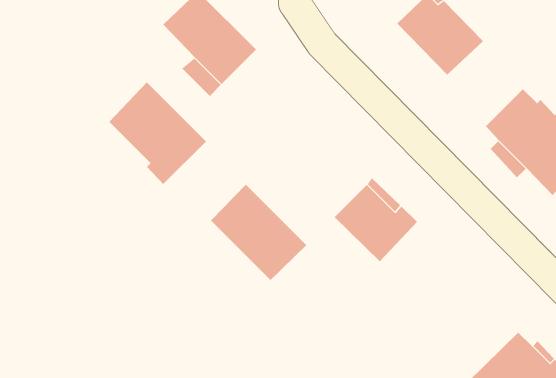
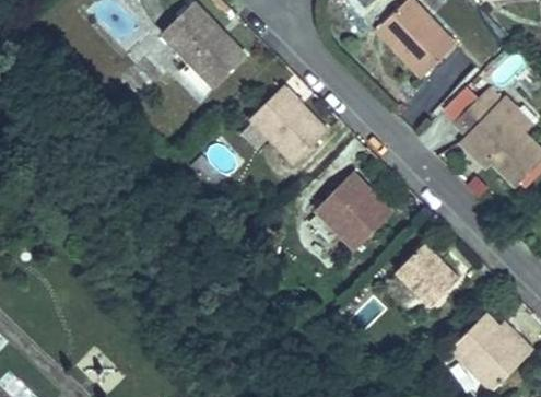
building: [108,82,207,185] -> none
building: [210,184,307,281] -> [248,81,338,171]
building: none -> [395,241,460,306]

